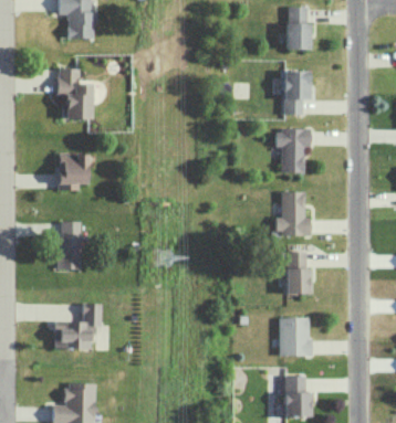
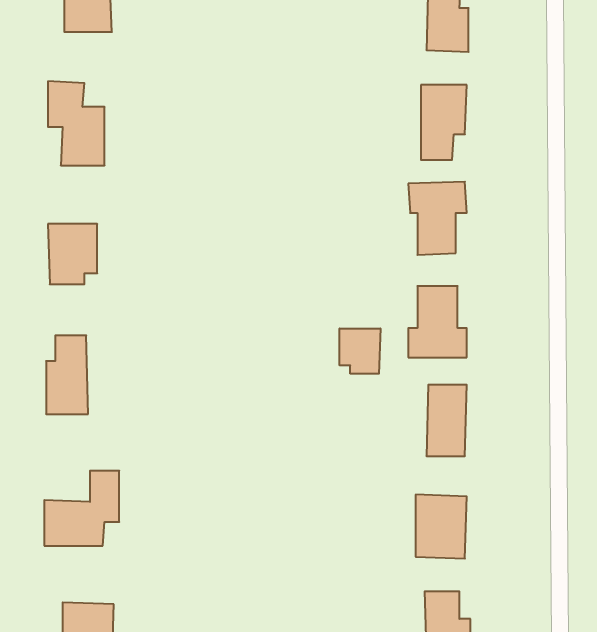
building: none -> [340,328,380,374]

